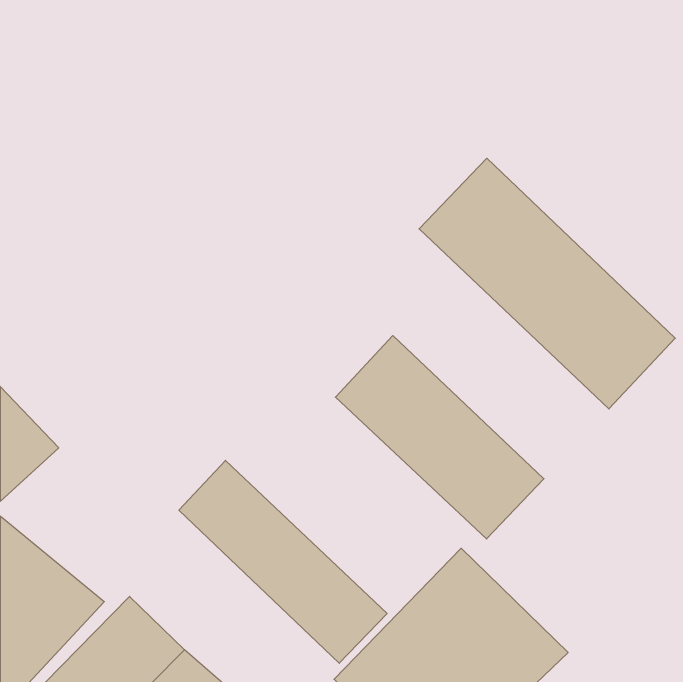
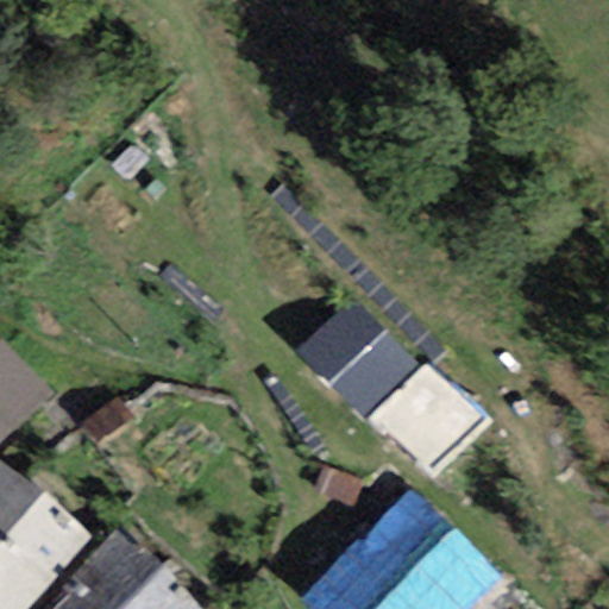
building: [419,158,675,409] -> none
building: [179,460,387,663] -> none

